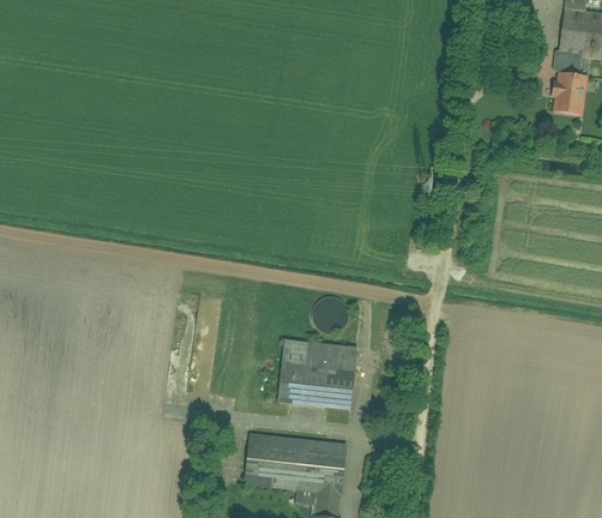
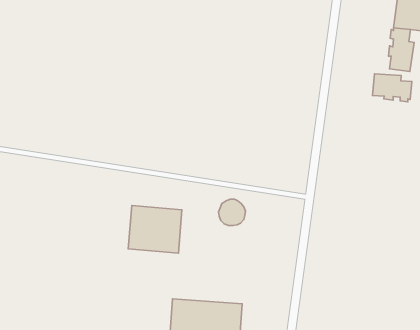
building: none -> [372,74,412,102]
building: [278,342,354,409] -> [128,205,182,253]

